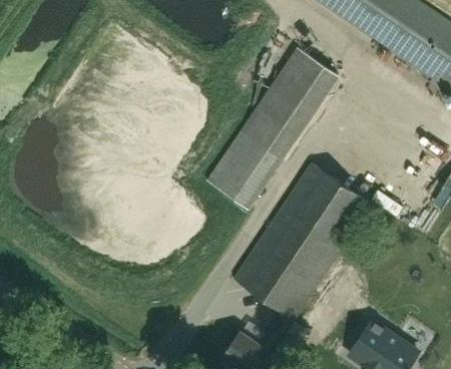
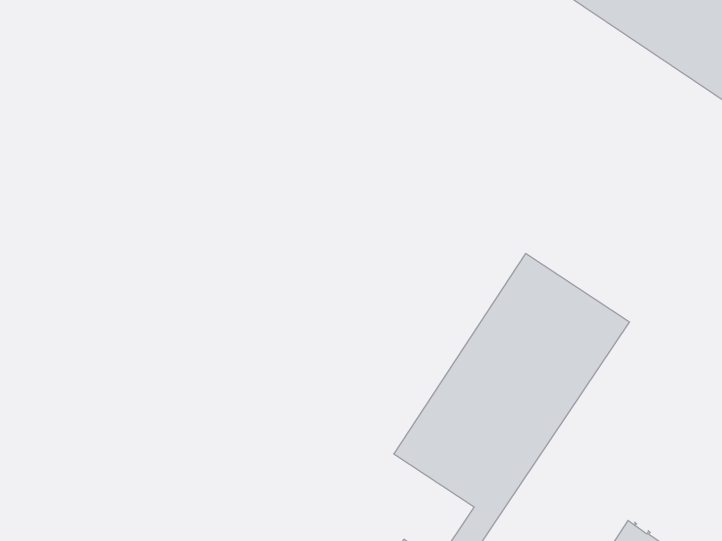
building: [211,44,338,205] -> none

